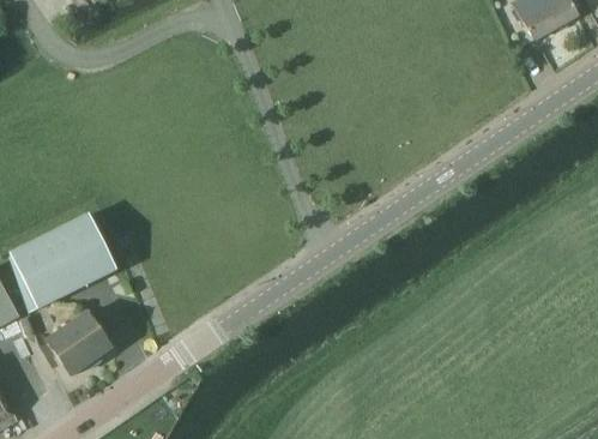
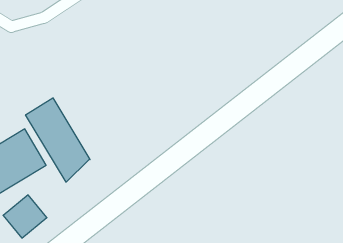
building: none -> [26,98,90,182]

